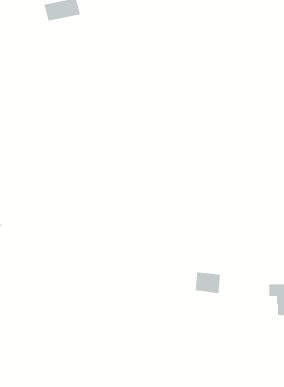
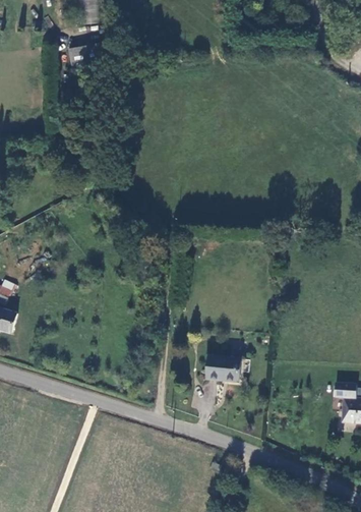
building: [195,272,221,294] -> [203,356,235,383]

